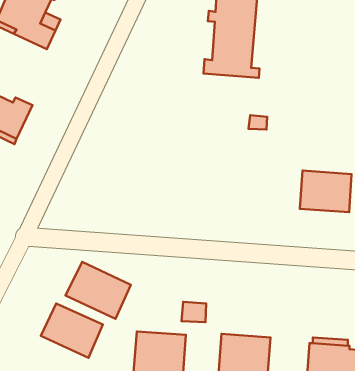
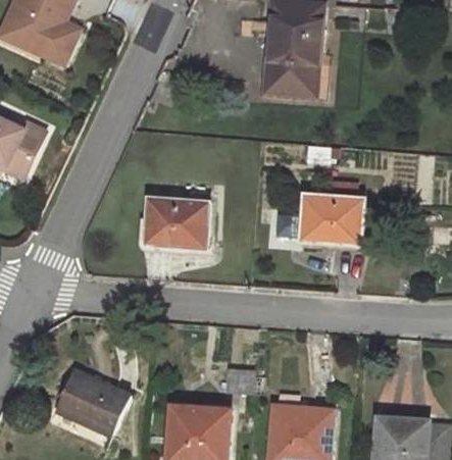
building: none -> [146,197,210,248]
building: [300,171,352,212] -> [302,194,364,244]
building: [66,262,131,319] -> none

